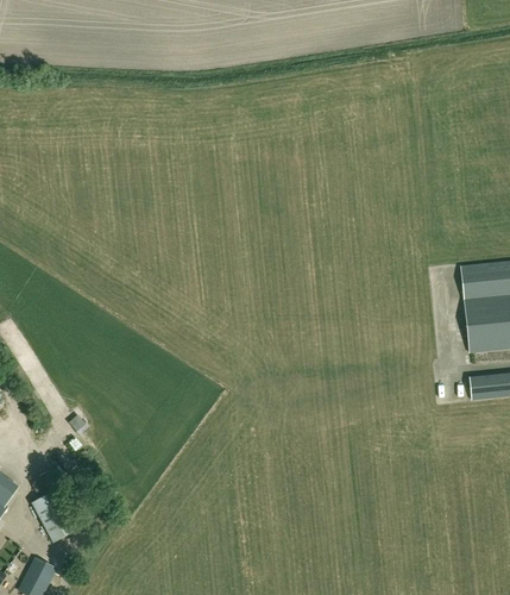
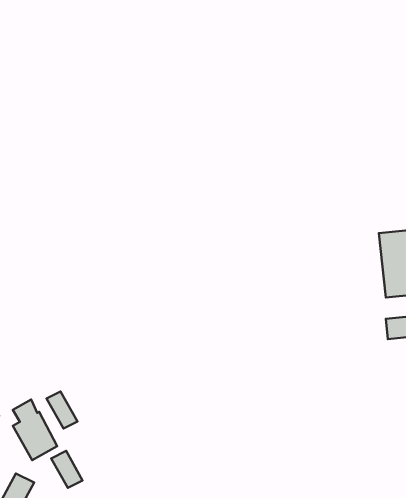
building: none -> [47,391,78,429]
building: none -> [51,451,83,488]

